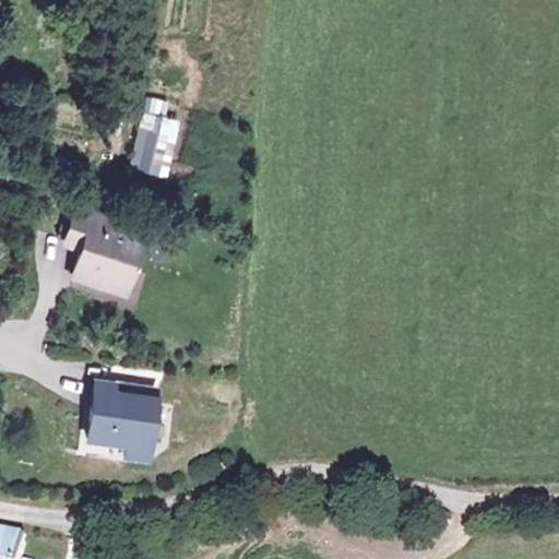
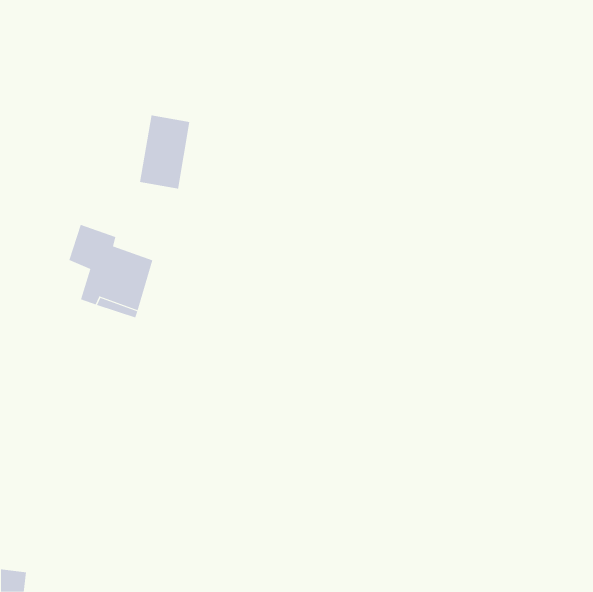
building: [91,384,156,449] -> none

